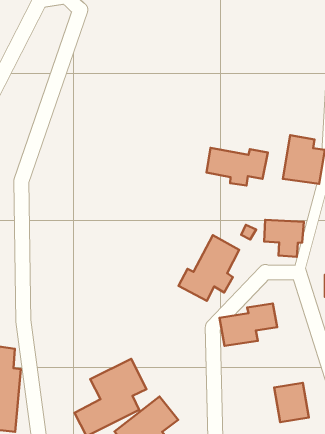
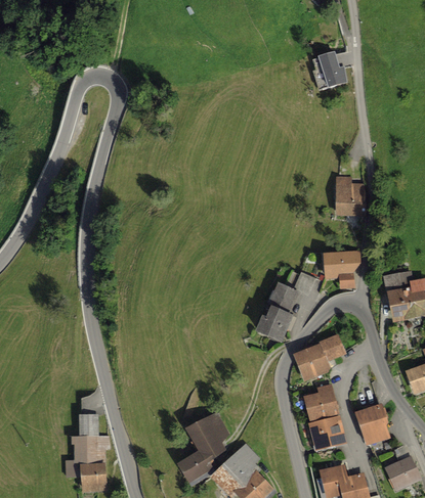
building: none -> [322,50,346,83]
building: [206,148,268,186] -> none
building: none -> [299,387,345,451]

